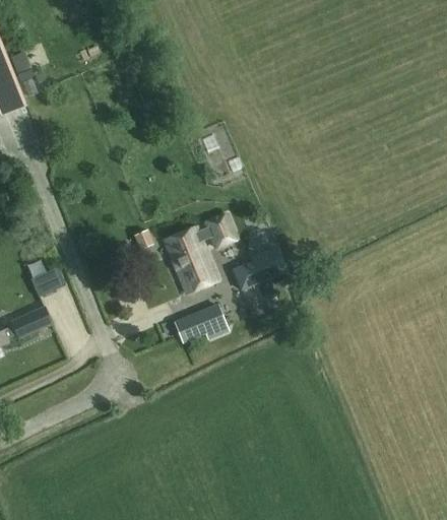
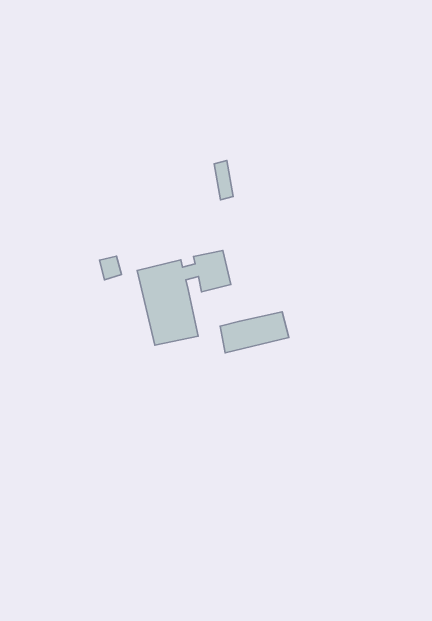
building: [186,304,225,336] -> none

